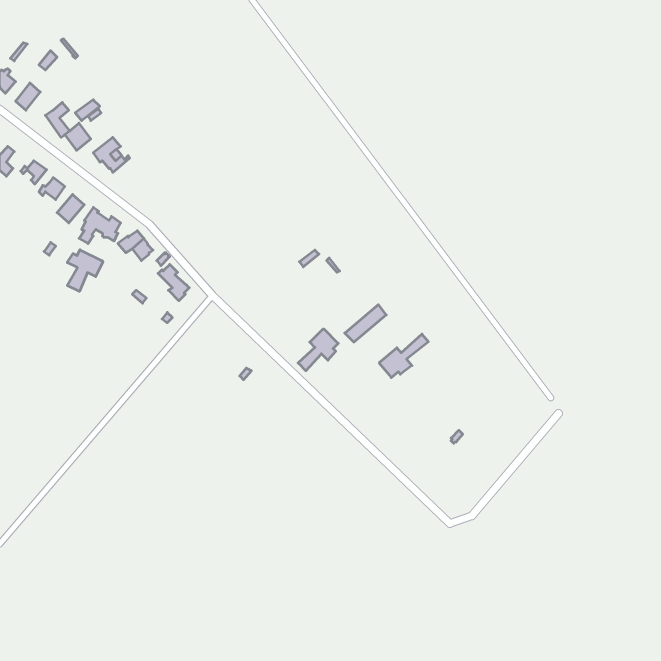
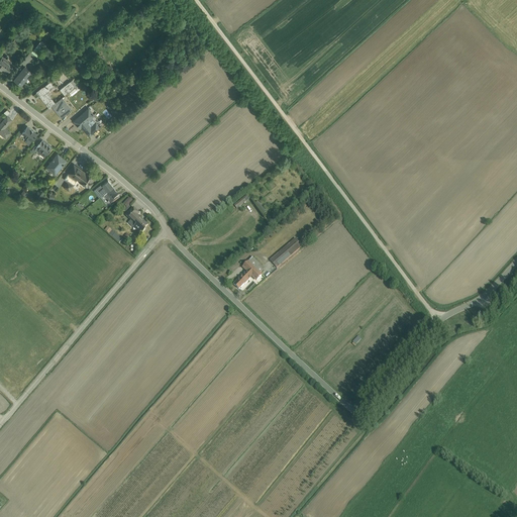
building: [67,250,103,291] -> none
building: [379,334,428,378] -> none

